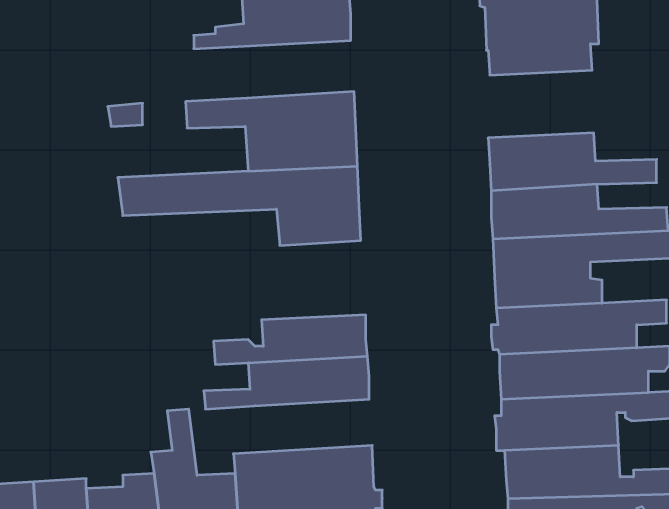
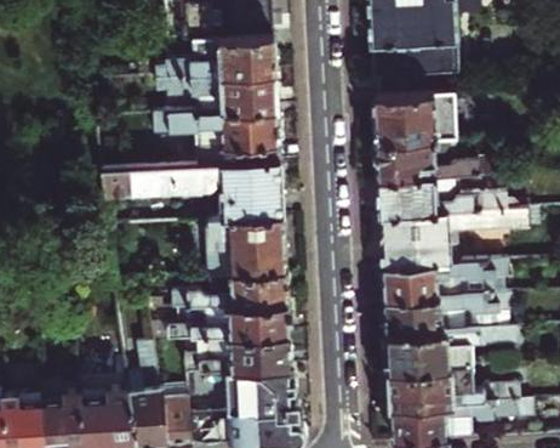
building: none -> [160,72,278,114]
building: none -> [373,93,456,143]
building: none -> [184,219,286,277]
building: none -> [188,335,291,375]

